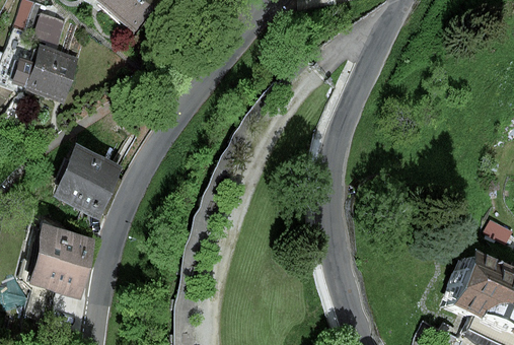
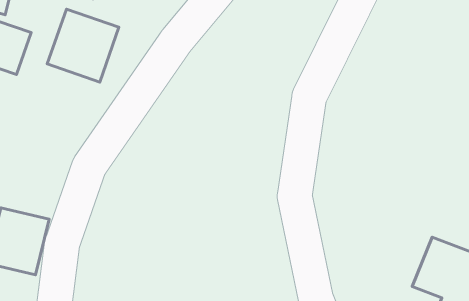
building: none -> [47,9,119,82]
building: [58,147,121,214] -> none

